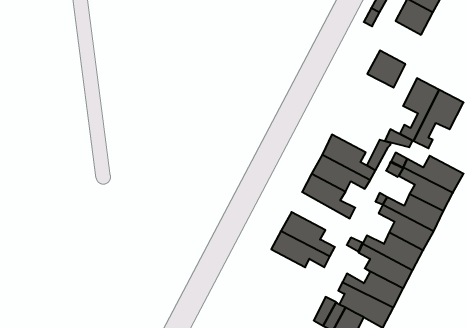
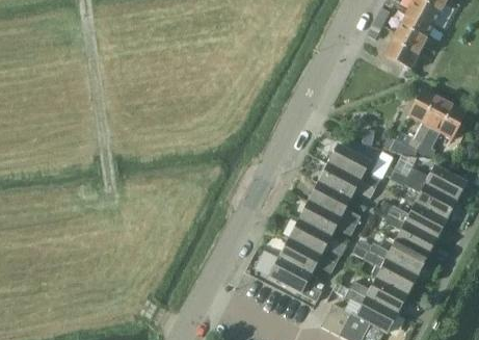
building: [367,50,405,88] -> [388,31,425,68]
building: none -> [298,199,355,236]
building: none -> [268,255,321,300]

